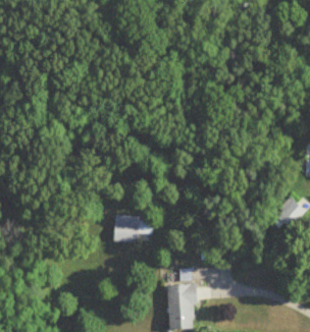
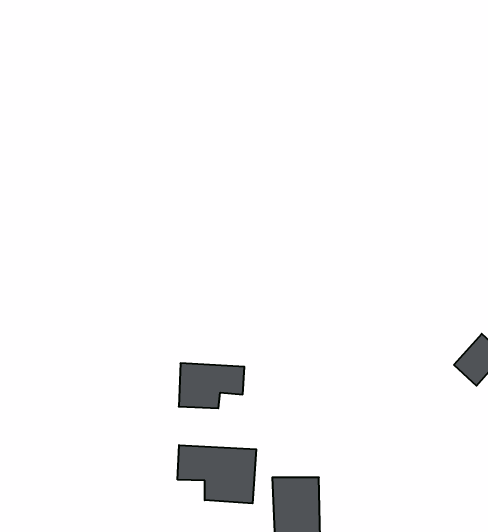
building: none -> [178,445,256,503]

